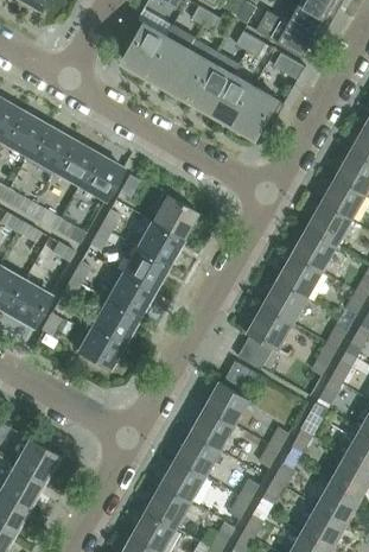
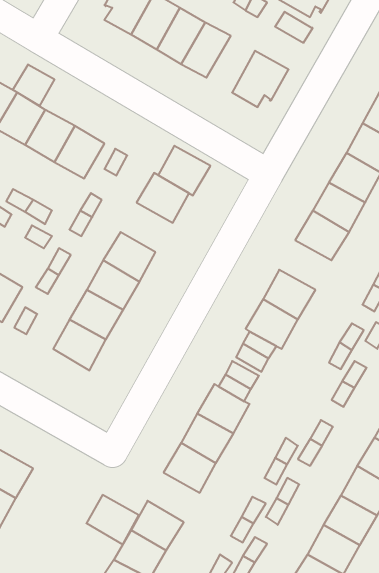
building: [211,74,254,123] -> none
building: none -> [13,64,54,106]
building: [135,221,182,265] -> [158,146,210,195]
building: [275,254,322,298] -> none
building: [159,459,205,503] -> [86,495,139,545]

